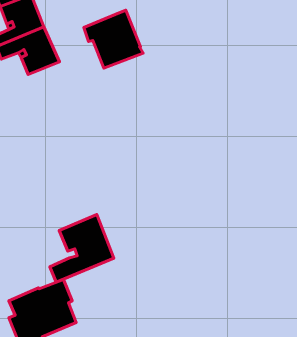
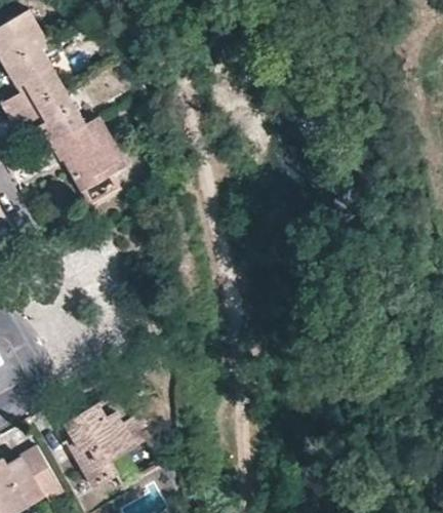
building: [84,10,143,68] -> [50,117,126,191]
building: [50,214,114,282] -> none

